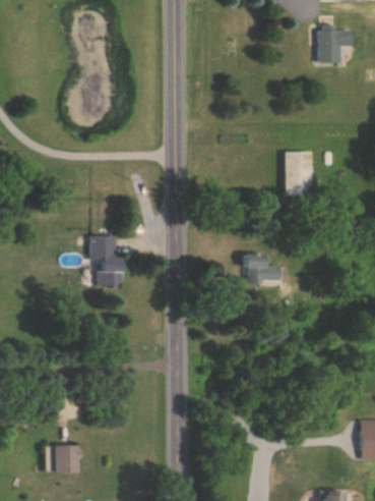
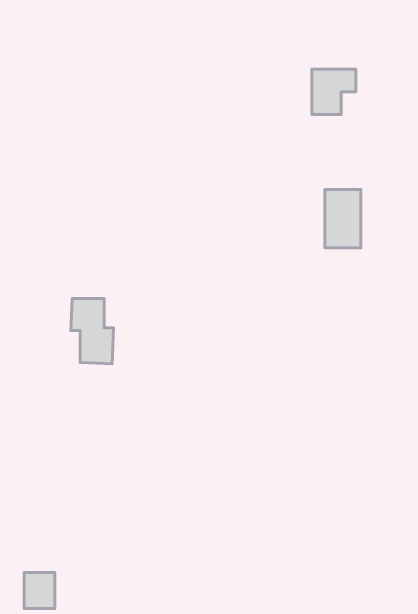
building: [317,29,351,63] -> [312,69,356,115]
building: [240,254,278,281] -> none

